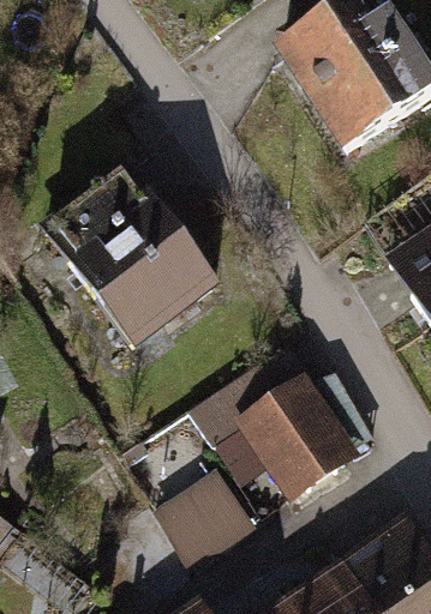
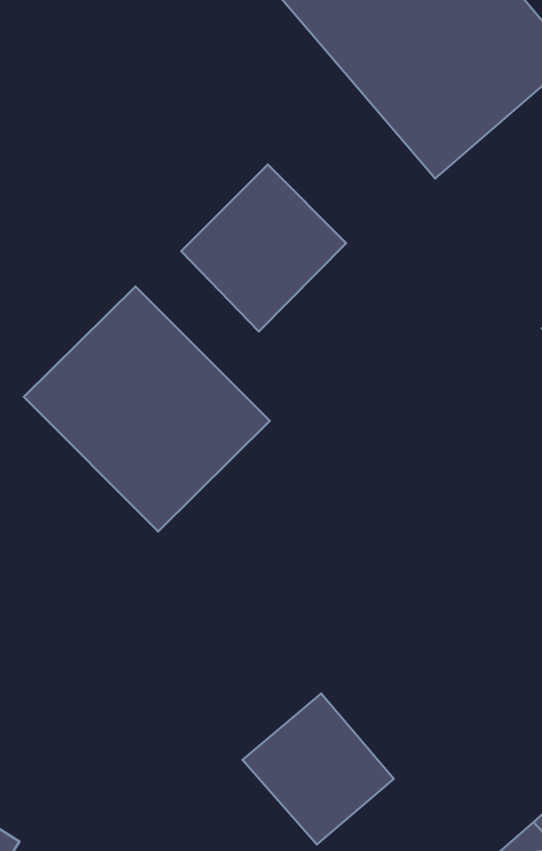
building: none -> [181,165,346,332]
building: [182,355,363,507] -> none

